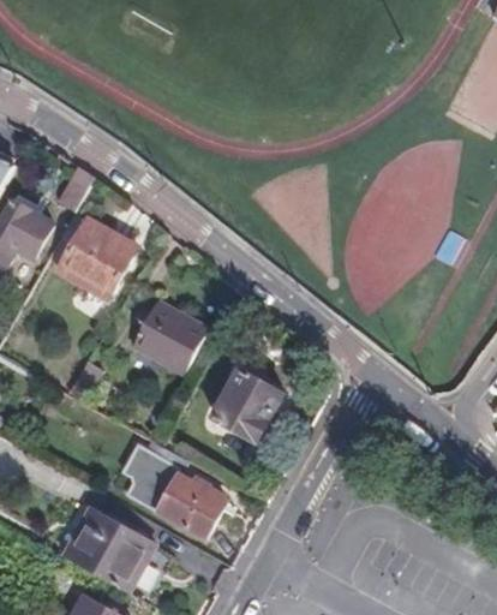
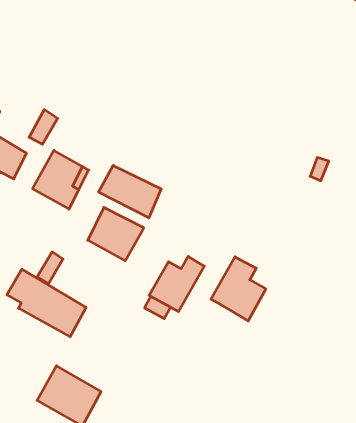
building: none -> [99,165,161,218]
building: none -> [211,257,266,321]
building: [119,446,226,537] -> [7,269,86,337]

